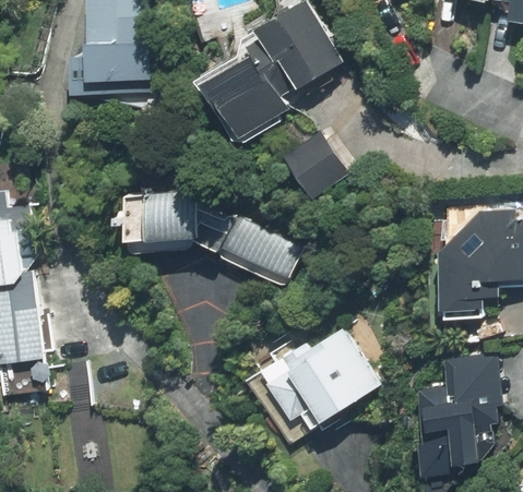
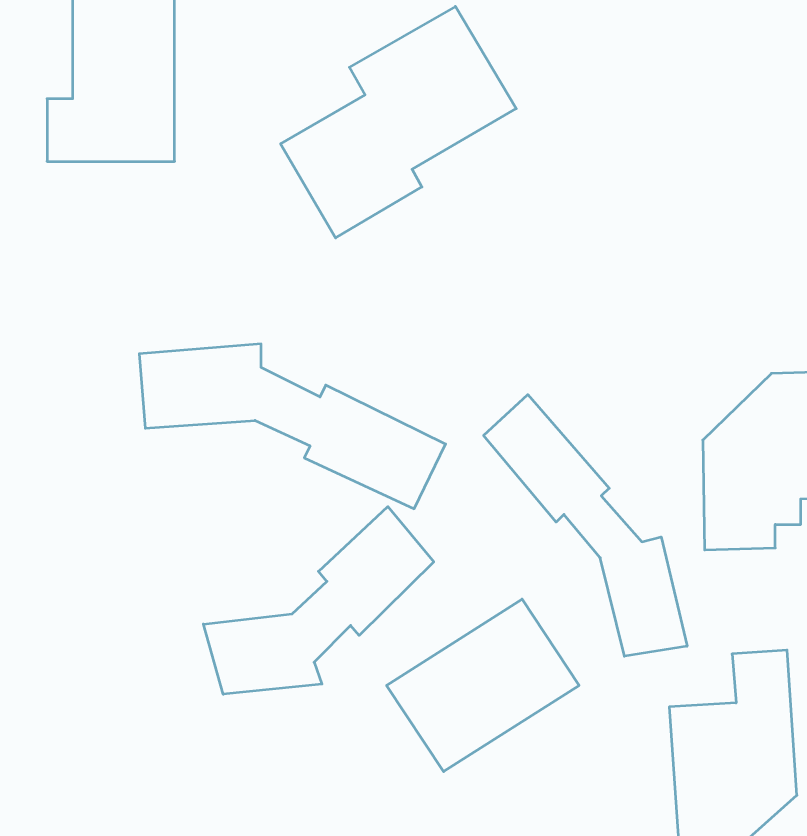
building: [287,136,342,194] -> none
building: none -> [484,395,687,656]
building: none -> [203,507,434,694]

